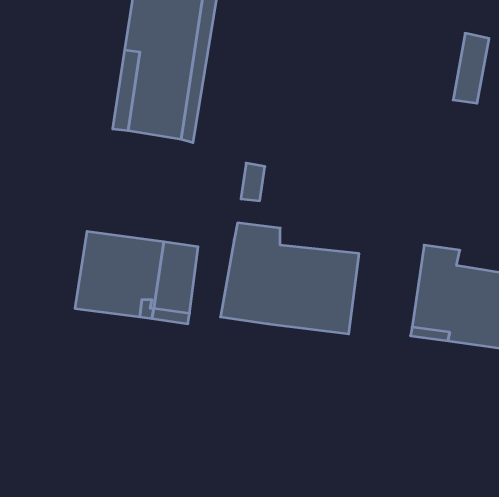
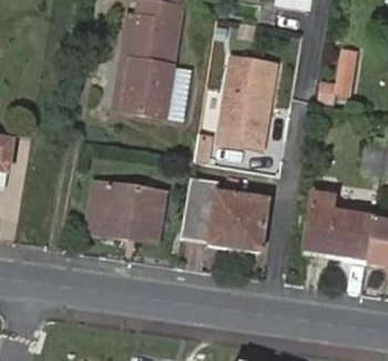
building: none -> [218,54,275,147]

